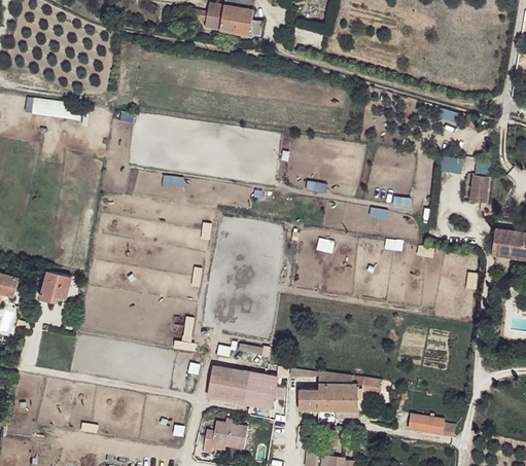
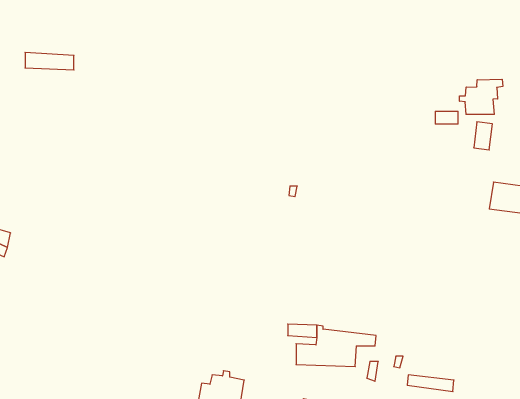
building: none -> [460,79,503,114]
building: [39,273,69,303] -> none
building: [209,364,277,408] -> none

